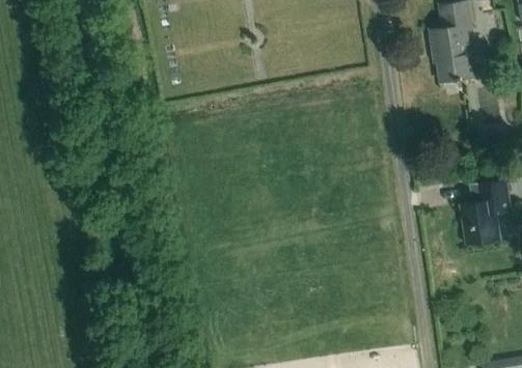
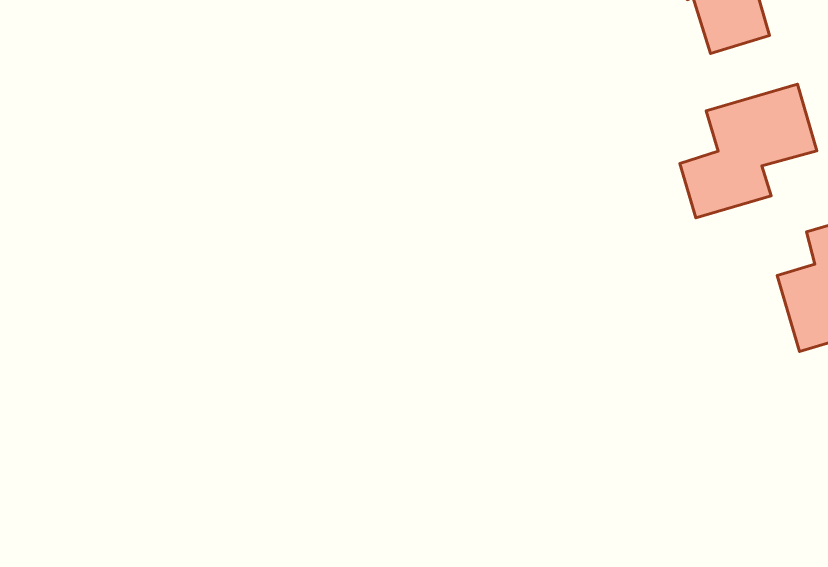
building: none -> [680,84,817,218]

